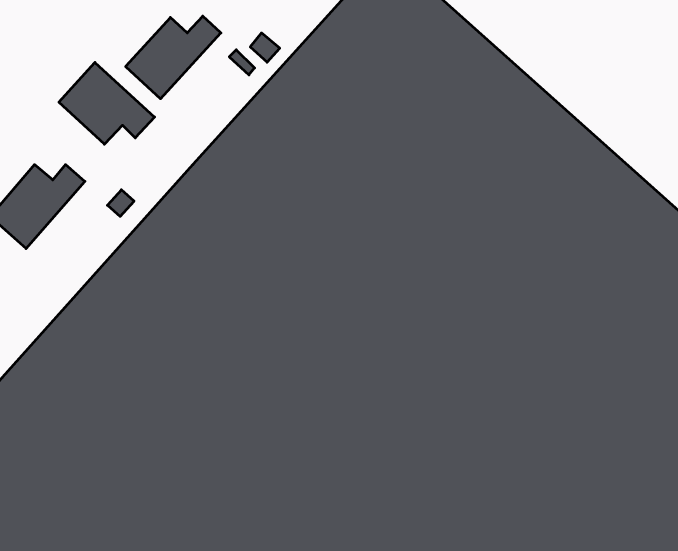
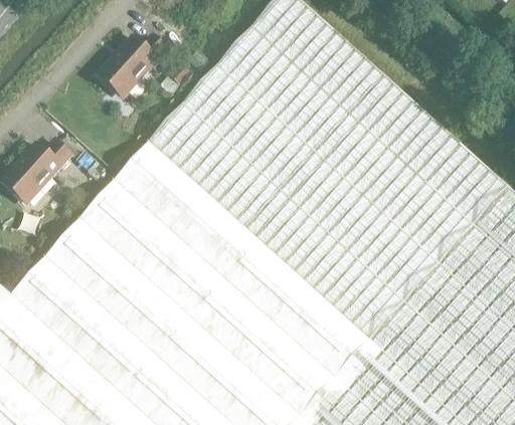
building: [59,62,155,144] -> none

